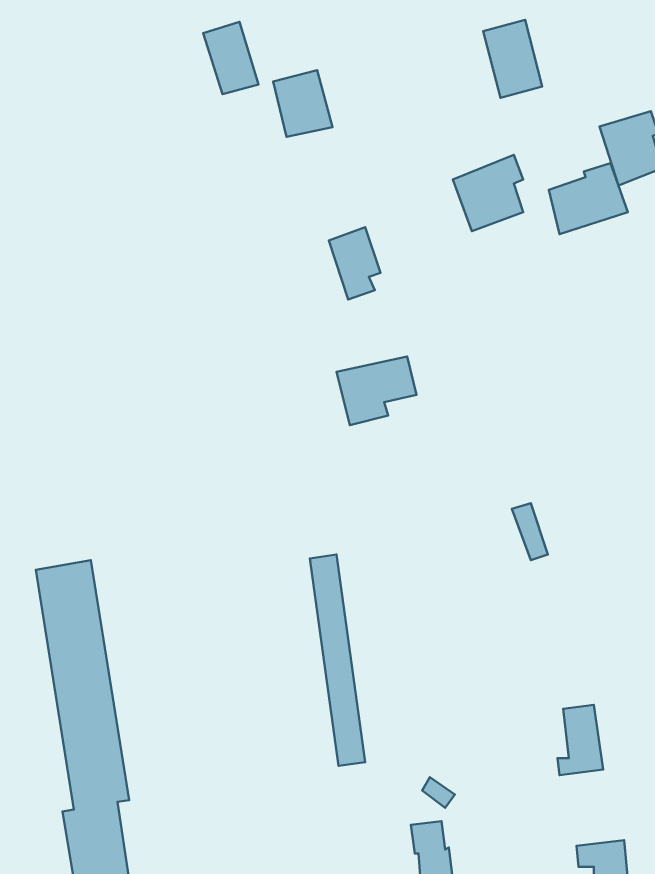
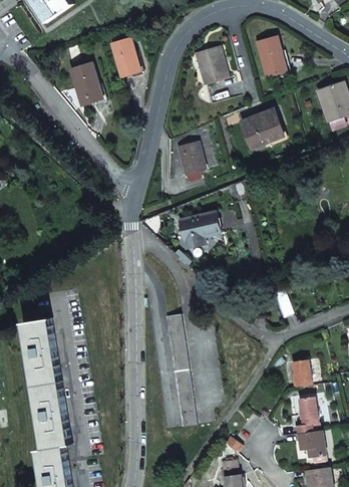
building: [273,70,332,137] -> [196,45,227,80]
building: none -> [69,61,101,103]
building: [549,163,628,234] -> none
building: none -> [293,357,312,386]
building: none -> [297,429,326,456]

